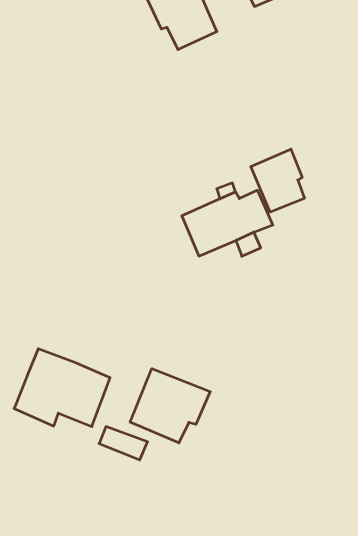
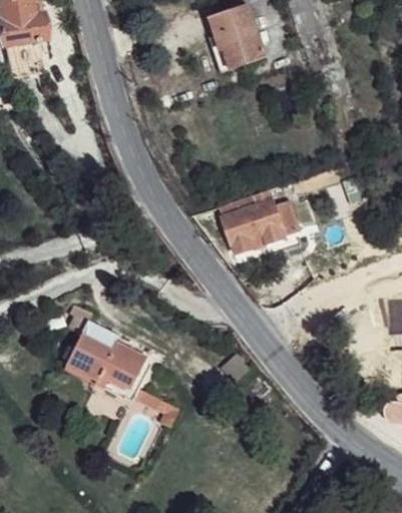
building: [251,149,304,212] -> none
building: [130,369,210,443] -> none

